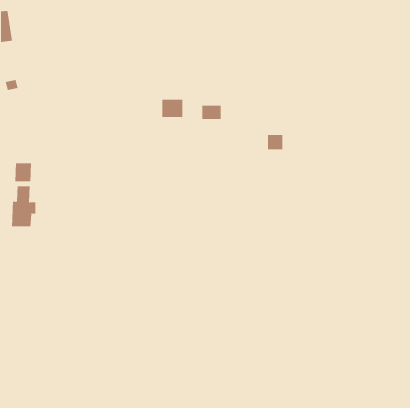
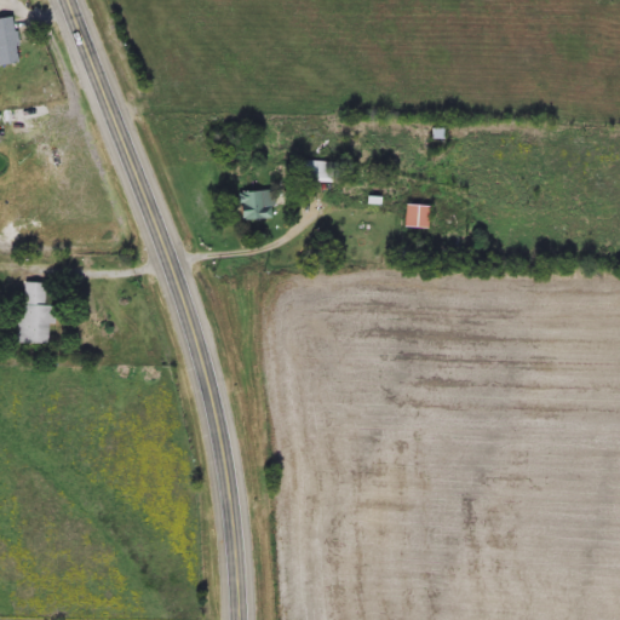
building: [161,99,183,117] -> [240,190,272,218]
building: [15,162,31,182] -> none

